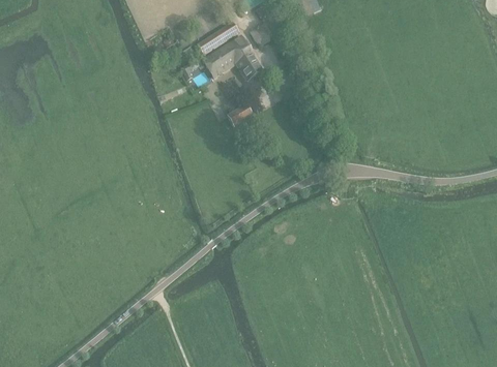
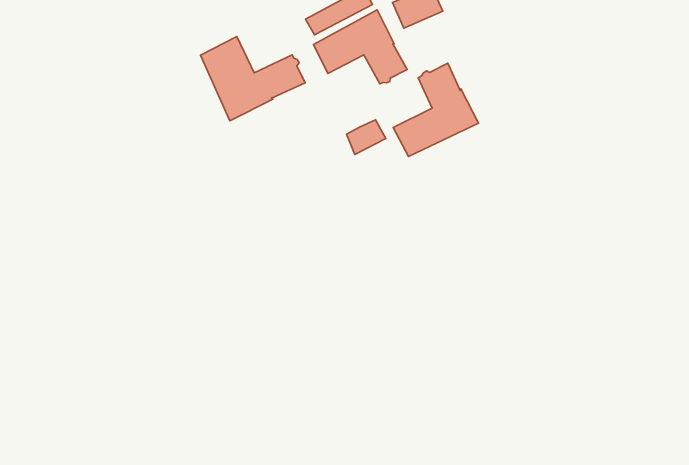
building: none -> [200,37,305,121]
building: none -> [393,63,479,156]

